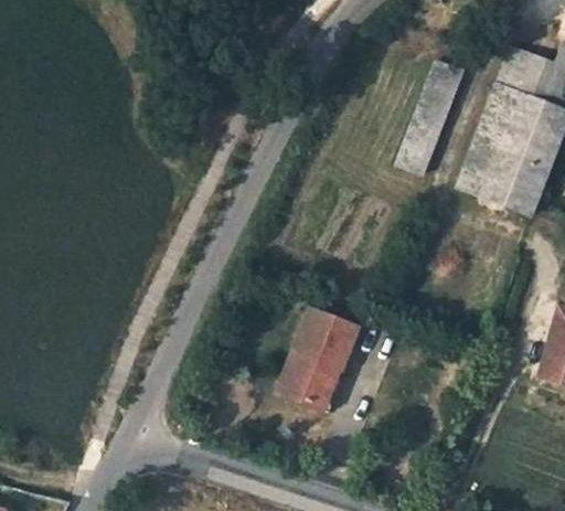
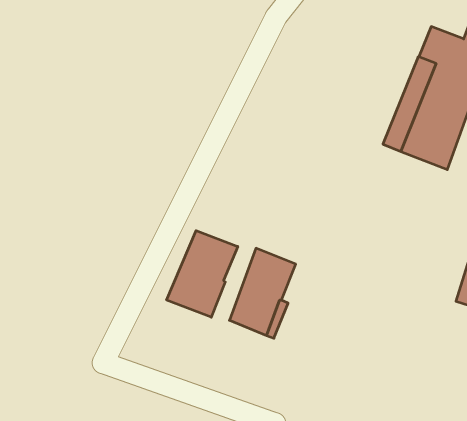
building: [394,61,465,174] -> none
building: none -> [167,231,238,317]

